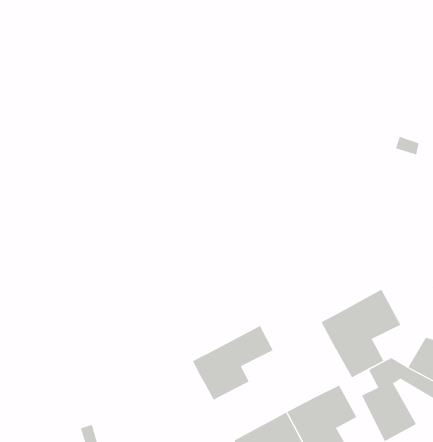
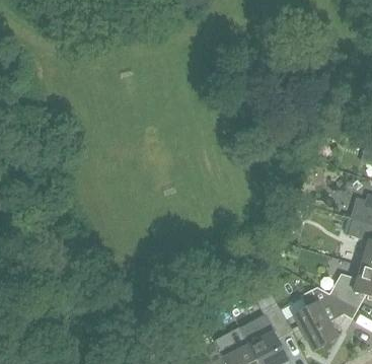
building: [321,289,401,378] -> none
building: [192,325,274,400] -> none

